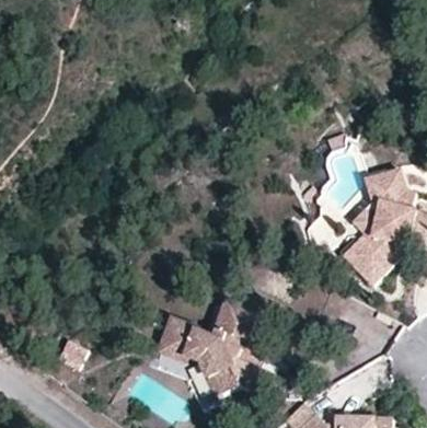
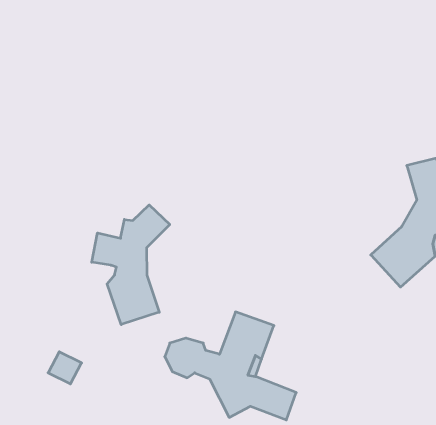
building: none -> [92,205,170,325]

